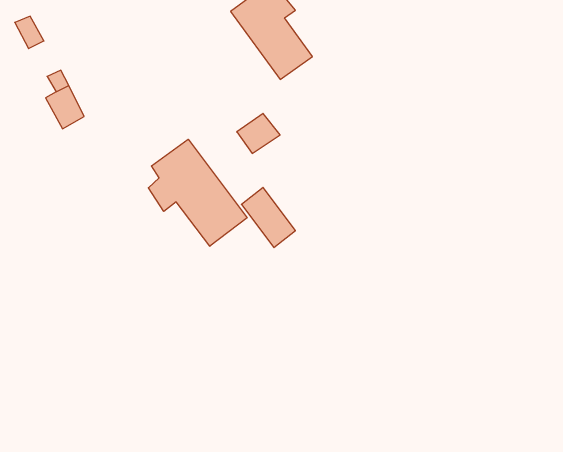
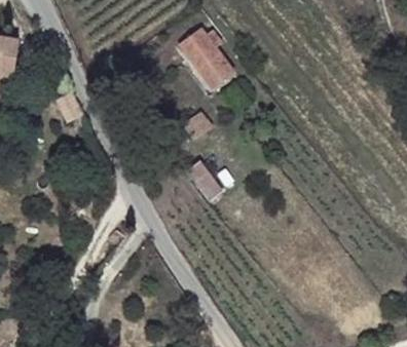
building: [148,139,247,246] -> none

